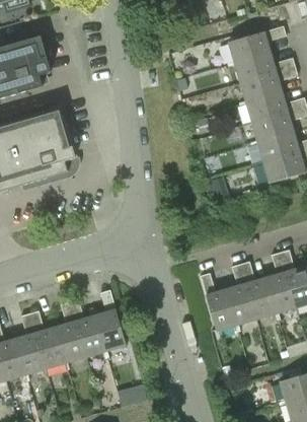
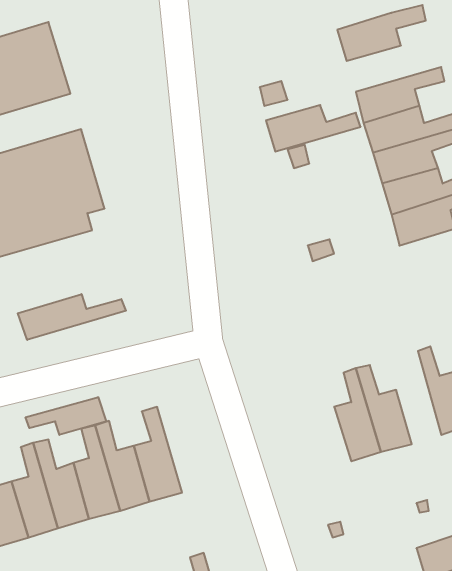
building: [233,53,295,83] -> [266,105,361,152]
building: none -> [18,294,126,340]
building: [265,253,295,313] -> none
building: [200,273,236,331] -> none
building: none -> [26,397,106,435]

